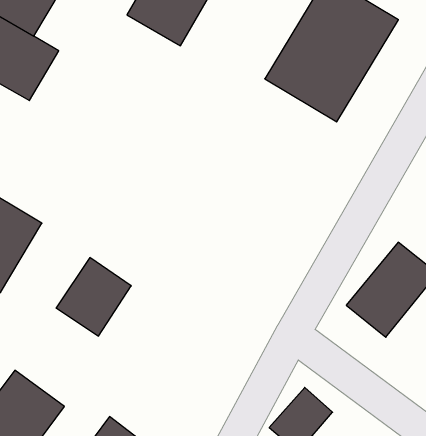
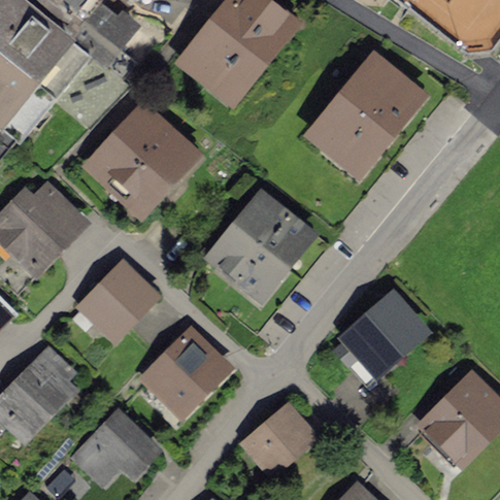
building: none -> [91,104,193,206]
building: none -> [198,189,320,309]
building: none -> [151,329,227,405]

